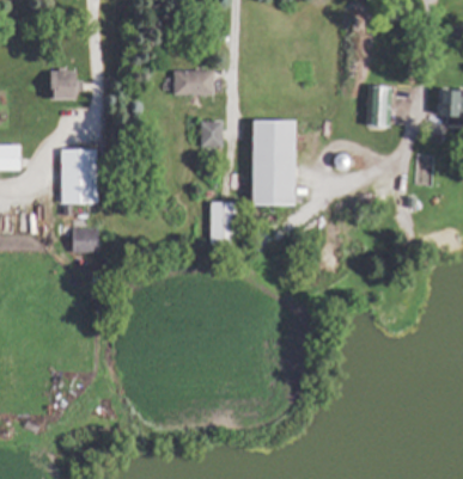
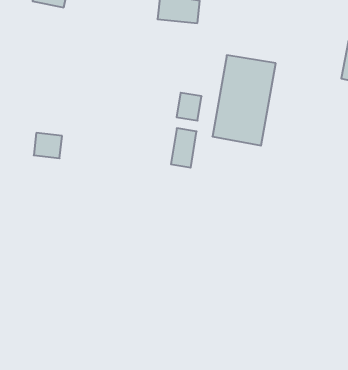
building: [202,121,224,146] -> [177,93,202,121]
building: [61,149,92,204] -> none

